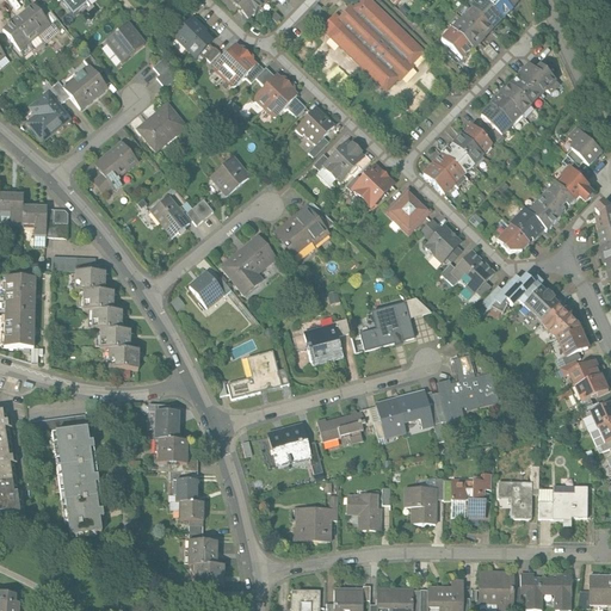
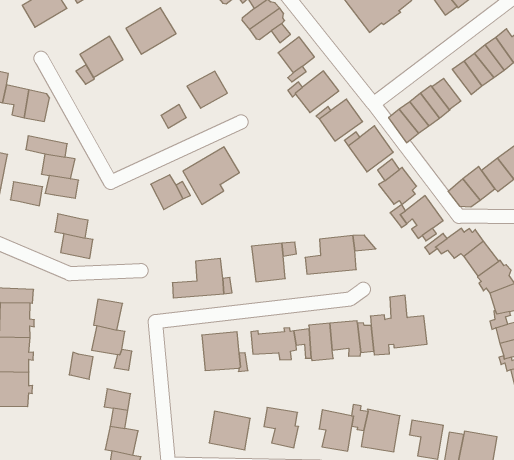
building: [149,196,189,237] -> none
building: [271,204,328,260] -> none
building: [90,311,121,332] -> [10,182,43,206]
building: [175,479,197,504] -> [69,352,93,379]

